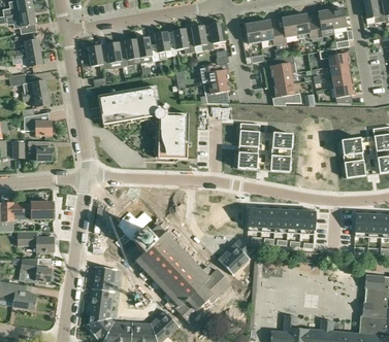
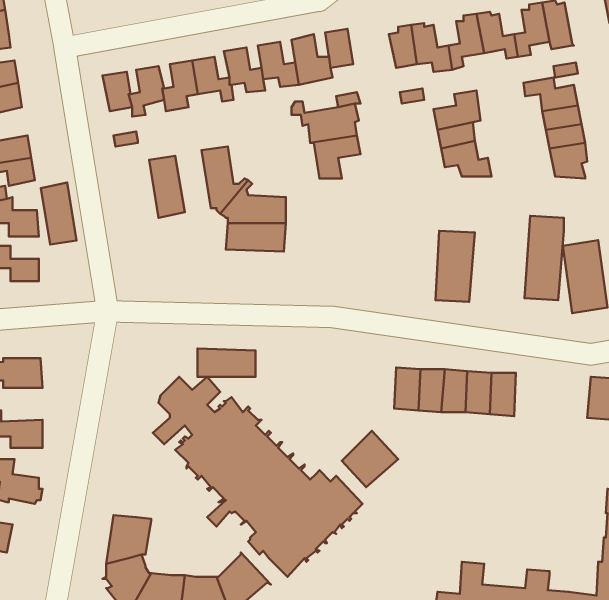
building: [127,88,147,122] -> none
building: [98,93,118,127] -> [41,183,76,244]
building: [237,123,259,169] -> [525,216,564,300]
building: [155,142,187,158] -> [197,349,255,377]
building: [93,266,117,290] -> none

